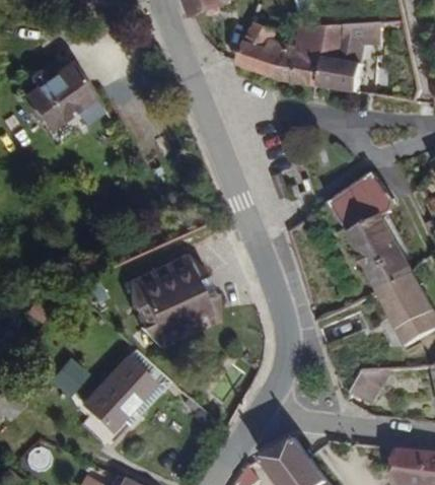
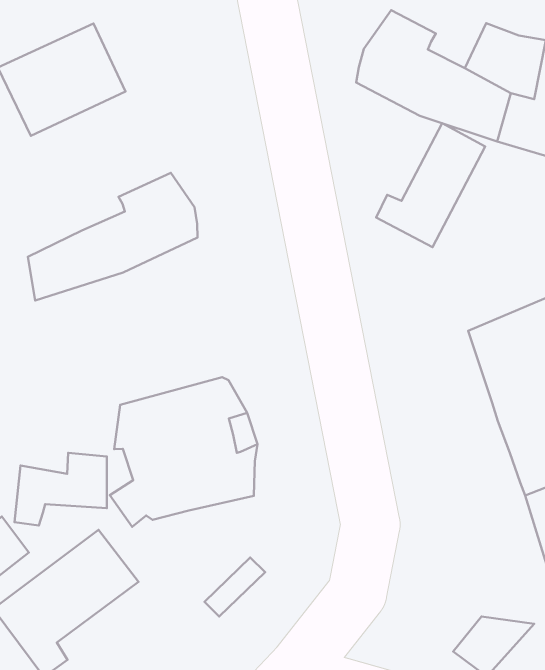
building: none -> [376,123,485,247]
building: none -> [28,173,198,300]
building: none -> [15,453,107,526]

